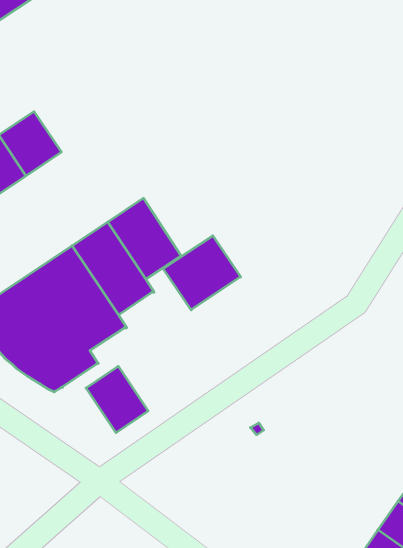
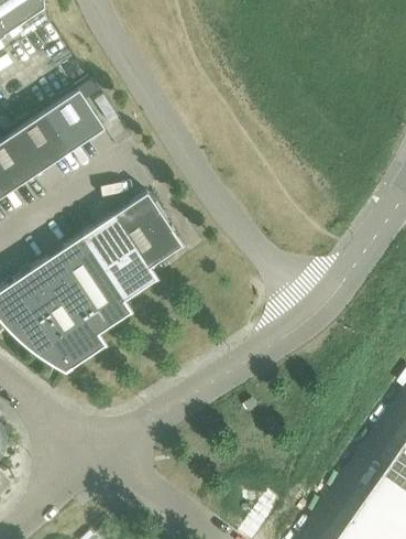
building: none -> [45,90,103,150]
building: [163,236,241,310] -> none
building: [86,366,148,433] -> none

